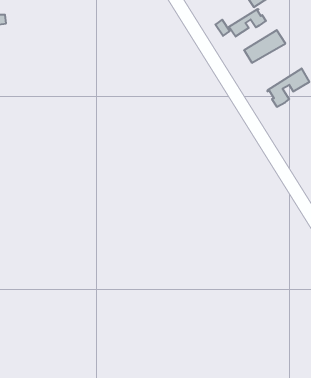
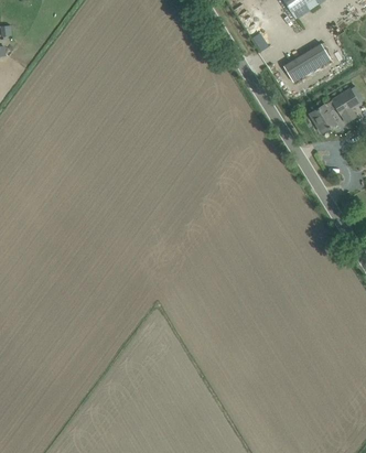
building: [229,9,266,37] -> none

